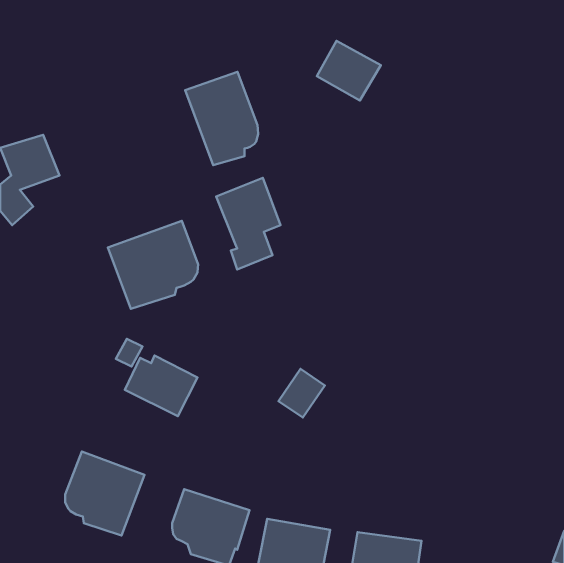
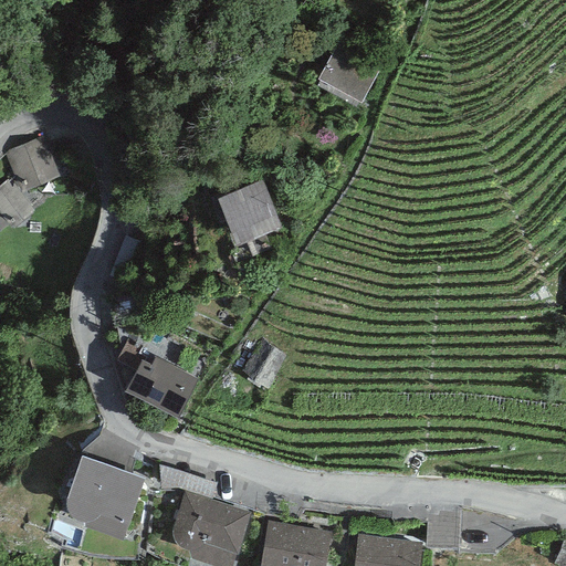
building: [185,72,258,165] -> none
building: [108,221,198,309] -> none
building: [279,369,325,418] -> [241,339,287,388]

